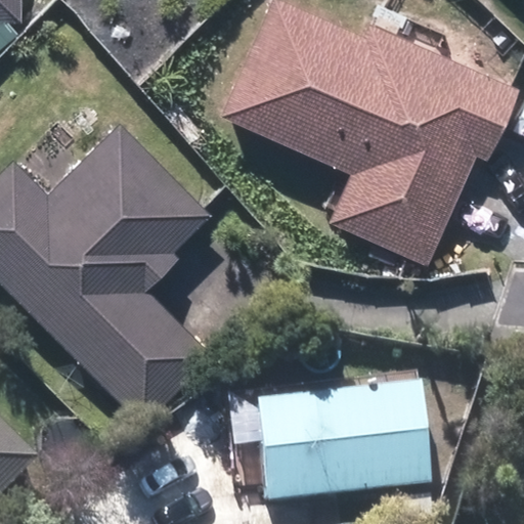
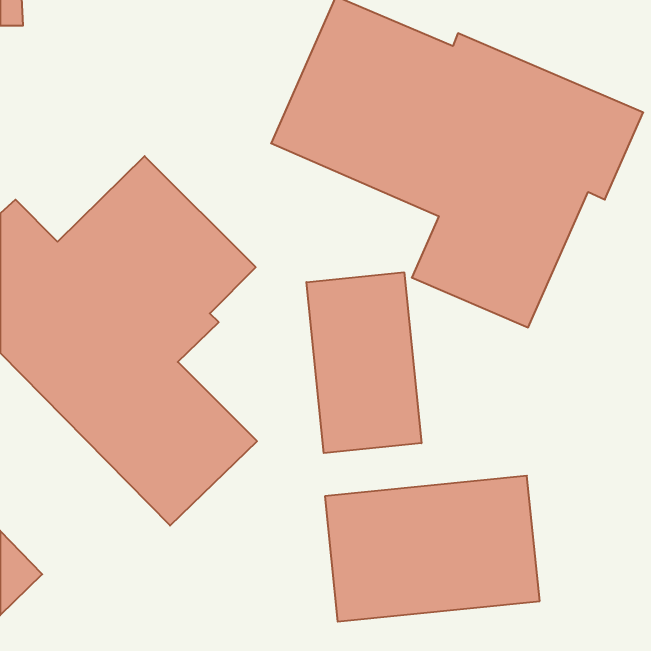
building: none -> [306,272,421,453]

